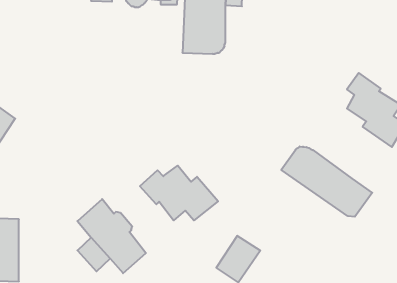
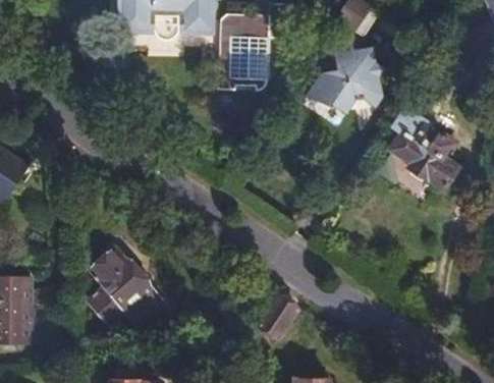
building: none -> [303,37,392,121]
building: [281,146,372,217] -> none
building: [140,166,218,220] -> none

